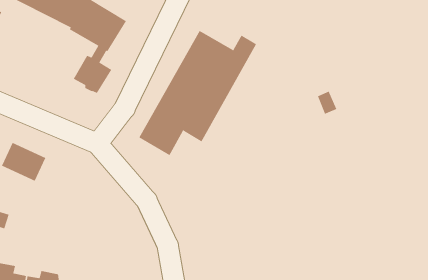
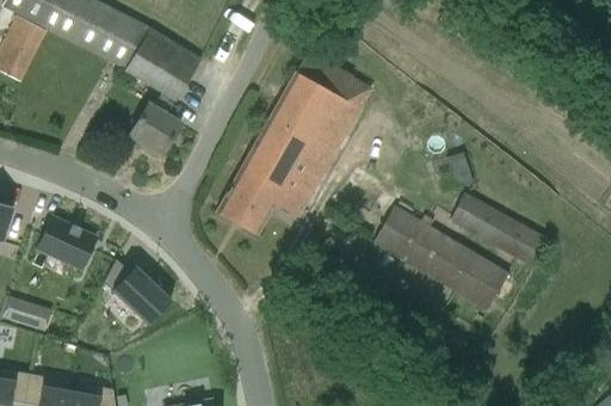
building: none -> [449,191,550,266]
building: none -> [374,204,508,309]
building: none -> [104,259,171,324]

